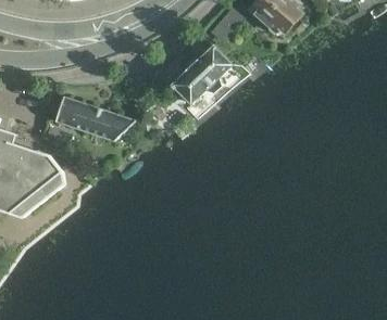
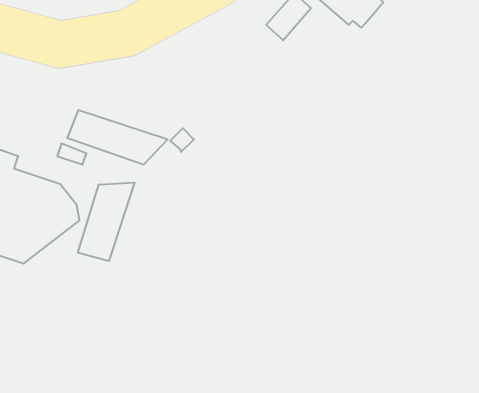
building: [171,47,229,103] -> none
building: none -> [78,183,135,261]

